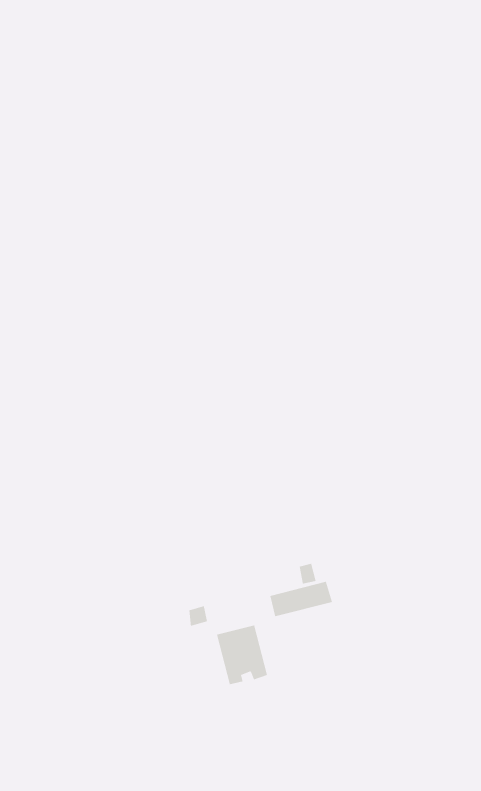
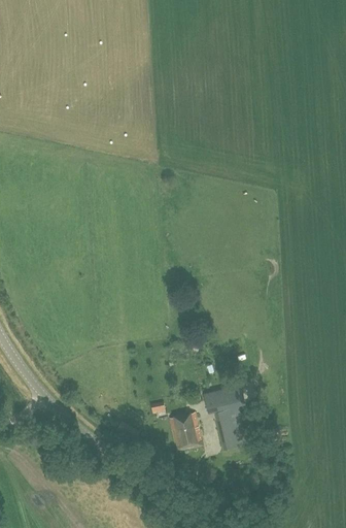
building: none -> [215,407,247,450]

